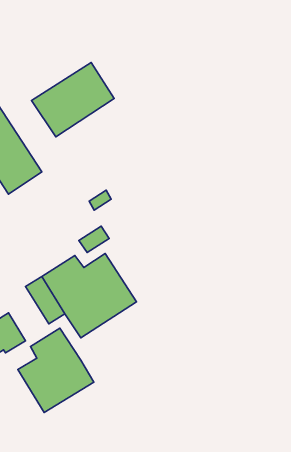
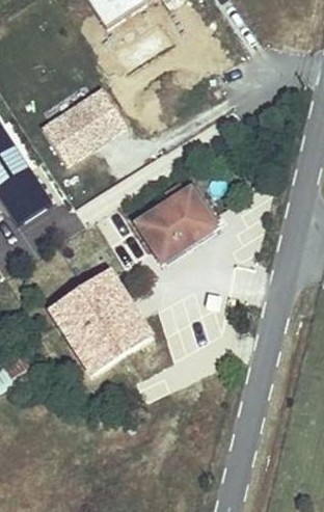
building: none -> [138,188,216,261]
building: [18,328,94,412] -> none

